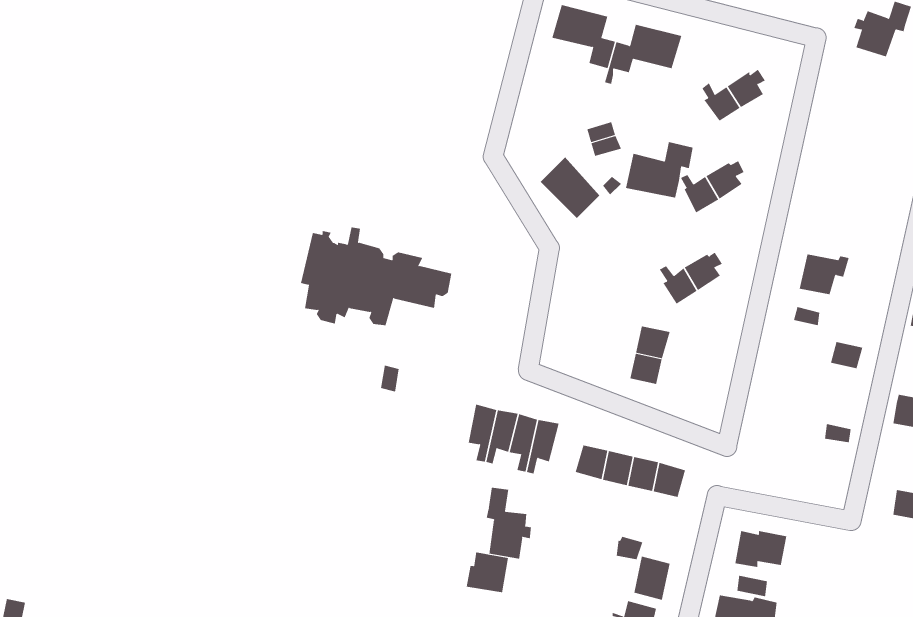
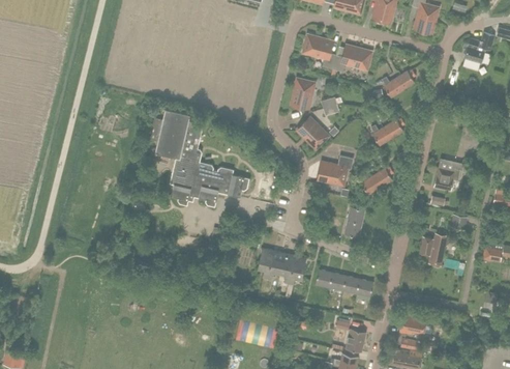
building: none -> [291,79,314,108]
building: none -> [149,108,202,163]
building: [625,142,693,198] -> [317,155,353,186]
building: none -> [419,233,460,265]
building: [486,487,531,559] -> none

